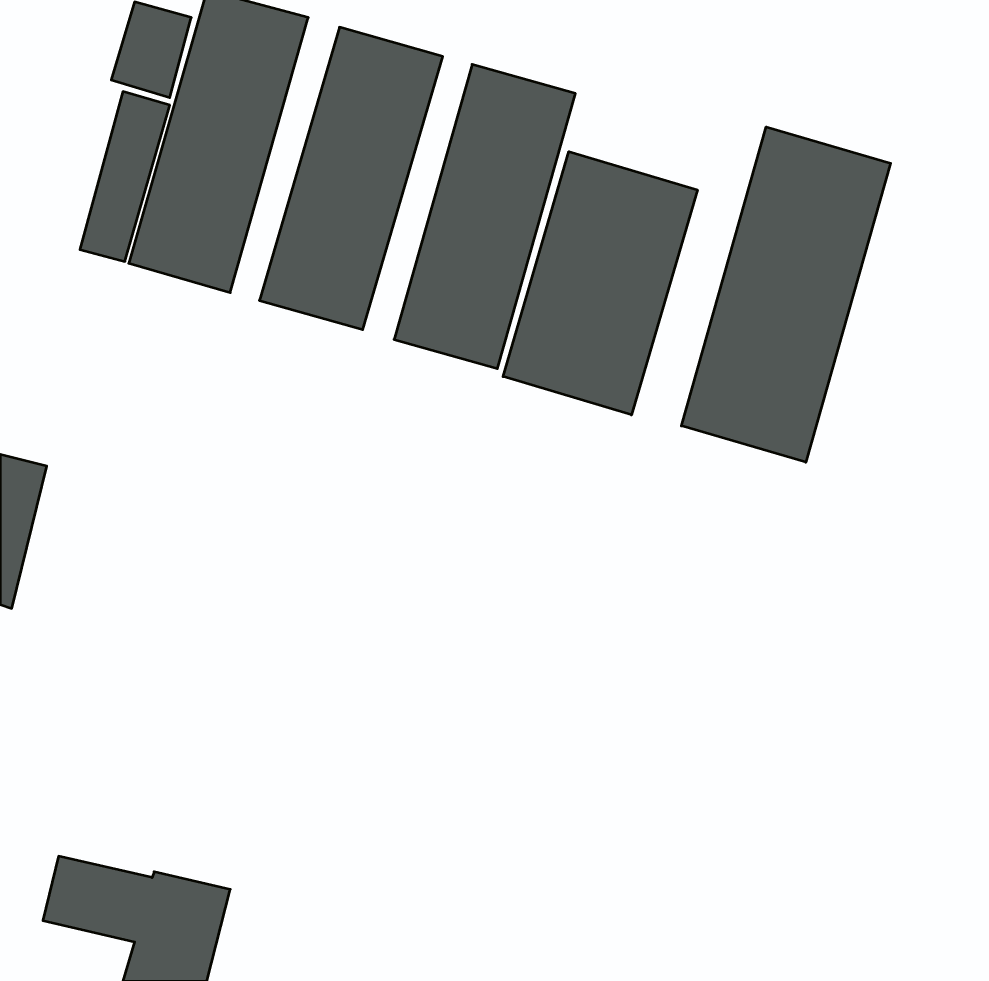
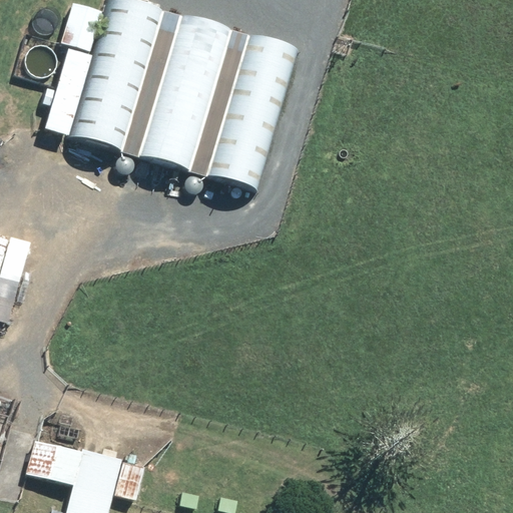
building: [681,127,891,462] -> none
building: [503,152,697,415] -> none

